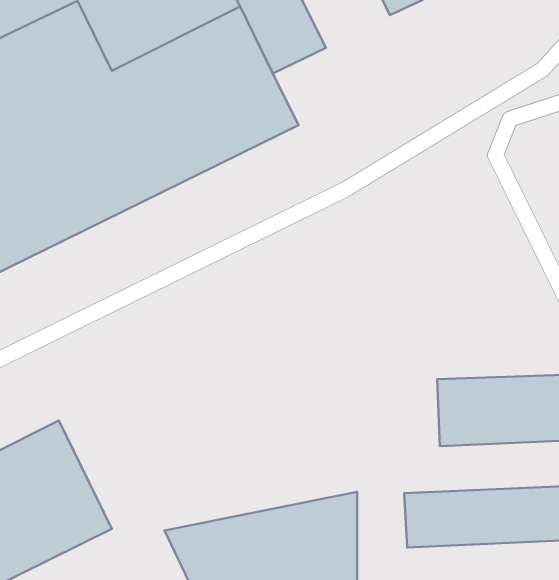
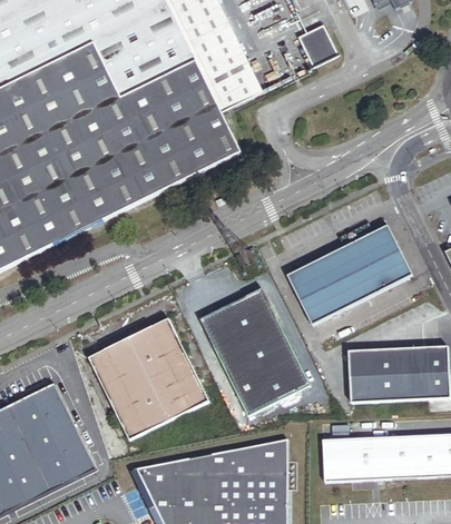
building: none -> [287,224,412,324]
building: none -> [199,287,308,414]
building: none -> [88,318,208,438]

